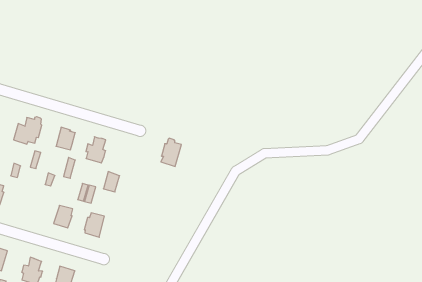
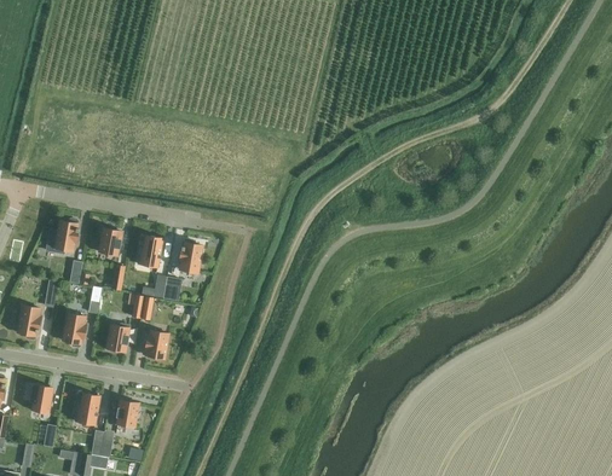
building: [161,138,181,166] -> [178,239,201,273]
building: none -> [62,313,85,348]

